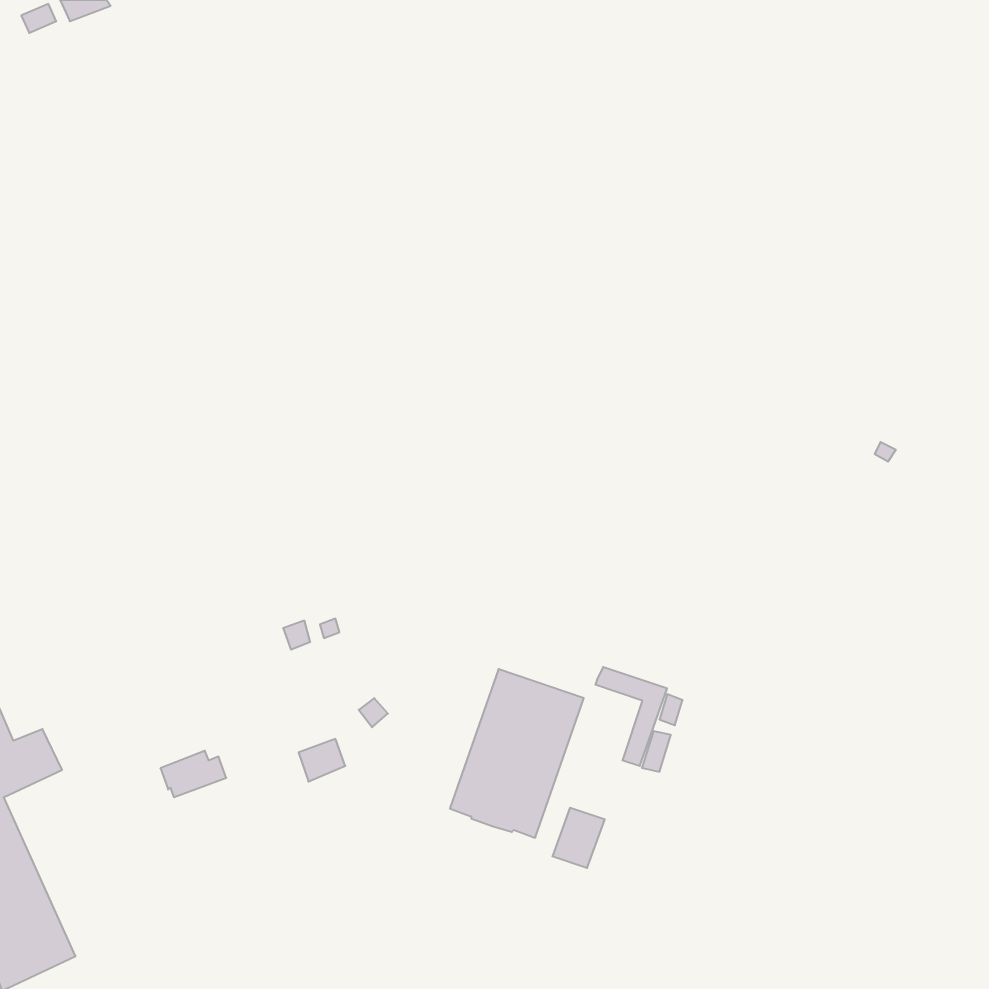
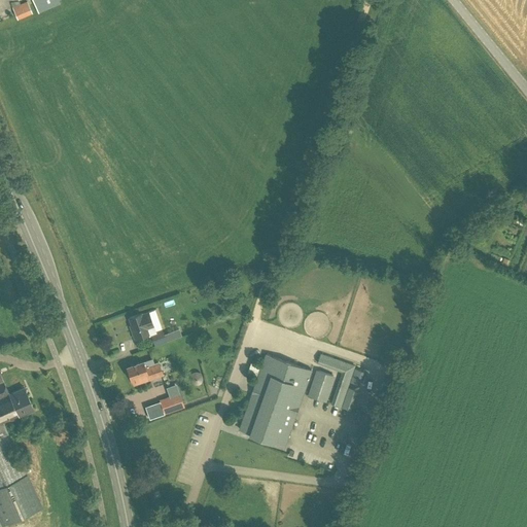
building: none -> [128,312,153,340]
building: [160,751,226,797] -> [126,360,161,385]
building: [552,808,605,868] -> [307,371,335,402]

